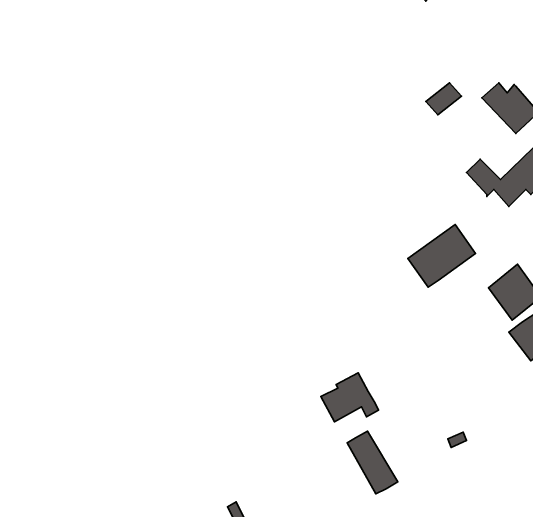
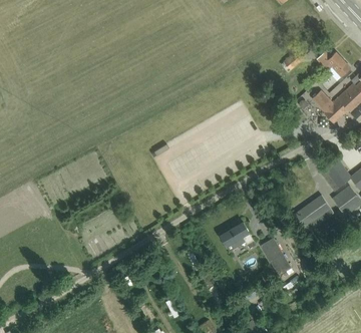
building: [408,225,476,287] -> [294,195,334,232]
building: [347,431,398,494] -> [262,238,292,275]

